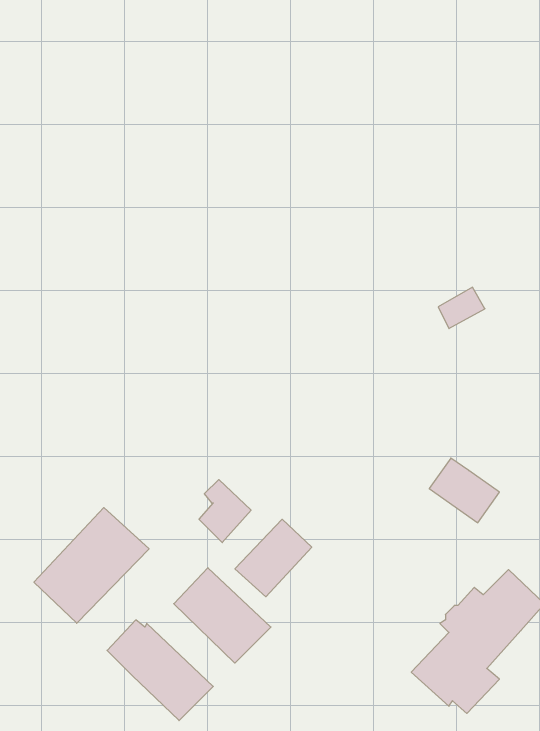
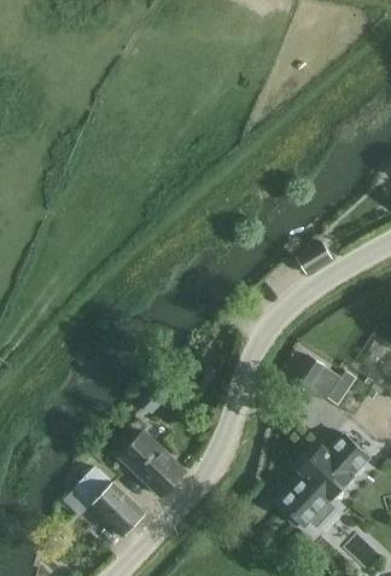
building: [34,508,149,623] -> none
building: [235,519,312,597] -> none

